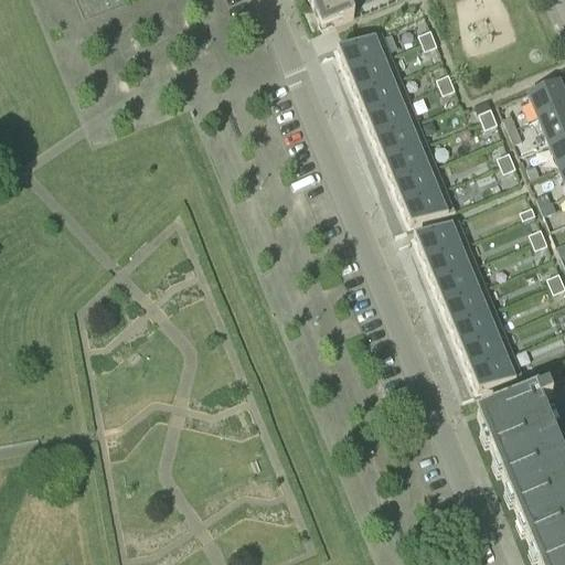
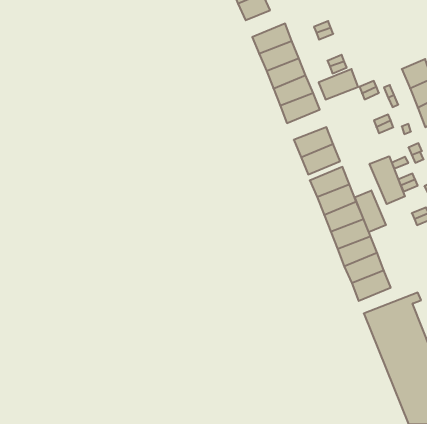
building: [381,143,433,183] -> [319,69,358,99]
building: none -> [370,156,405,204]
building: none -> [355,190,386,232]

